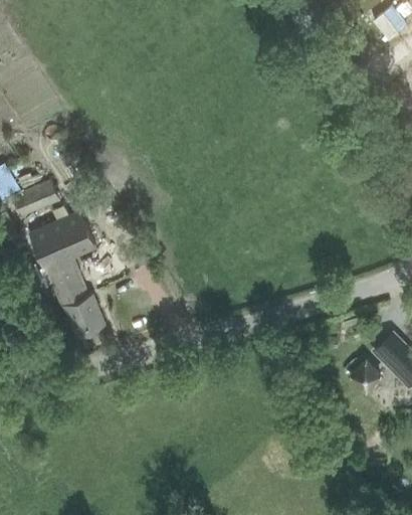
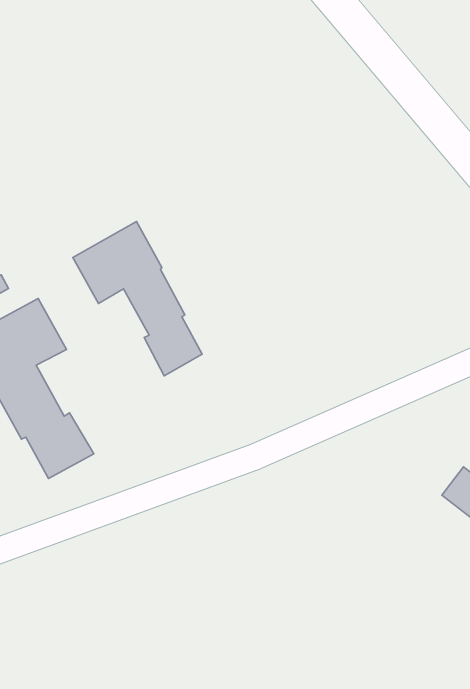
building: none -> [73,221,202,376]

